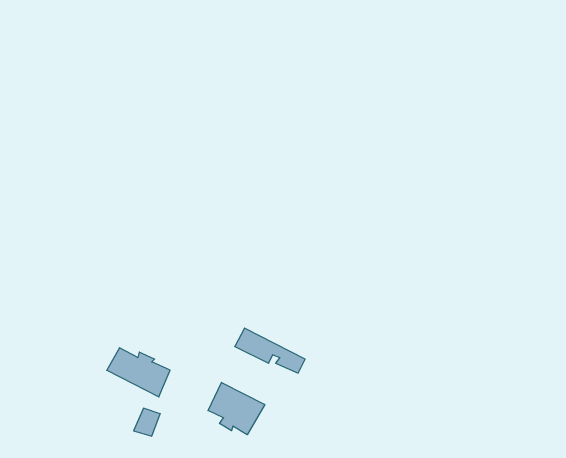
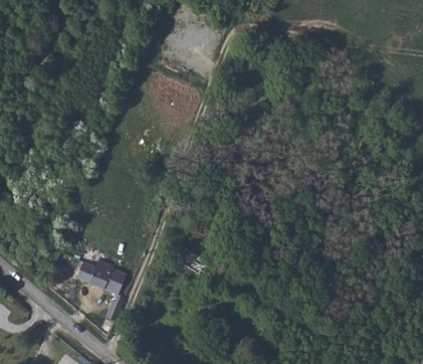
building: [208,382,265,435] -> none

